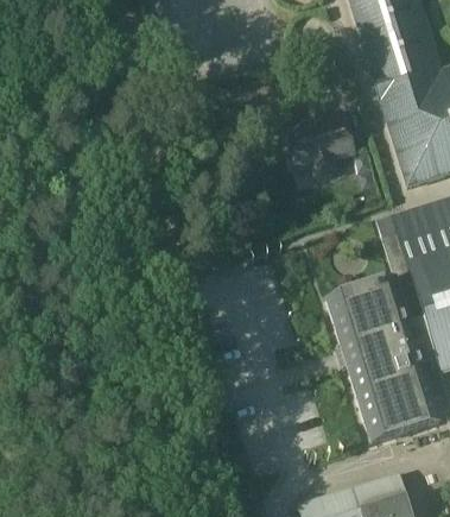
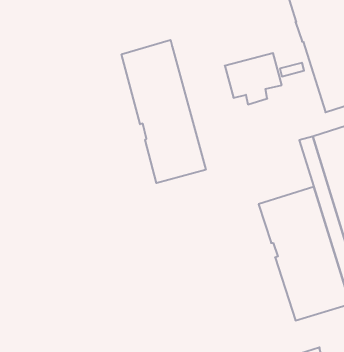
building: none -> [122,40,206,183]

